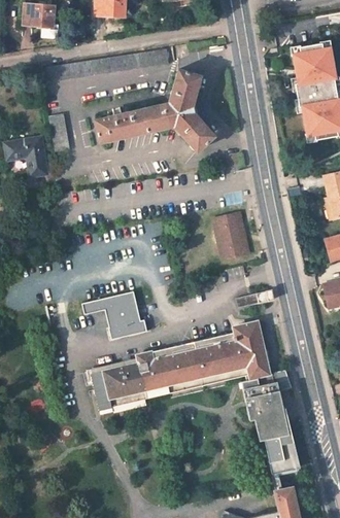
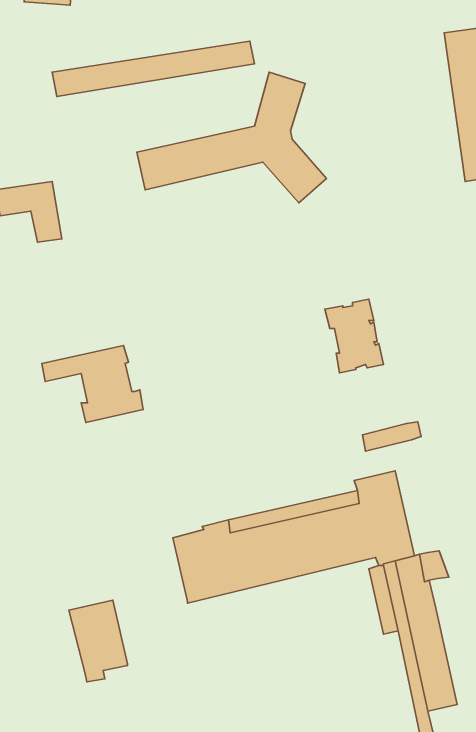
building: [48,113,70,152] -> none
building: [83,291,147,340] -> [42,346,143,422]
building: [90,362,127,414] -> [69,600,128,682]

